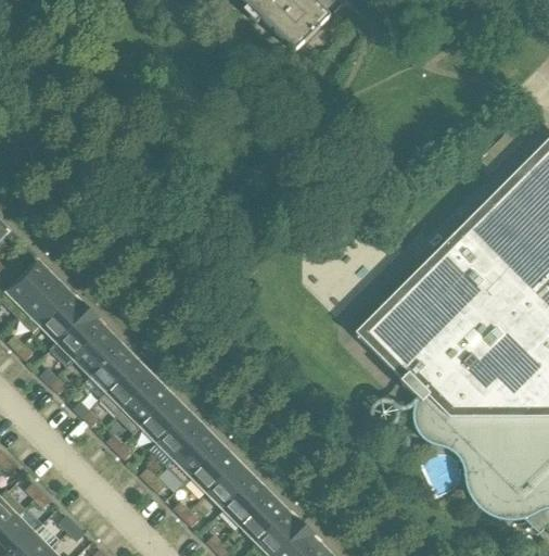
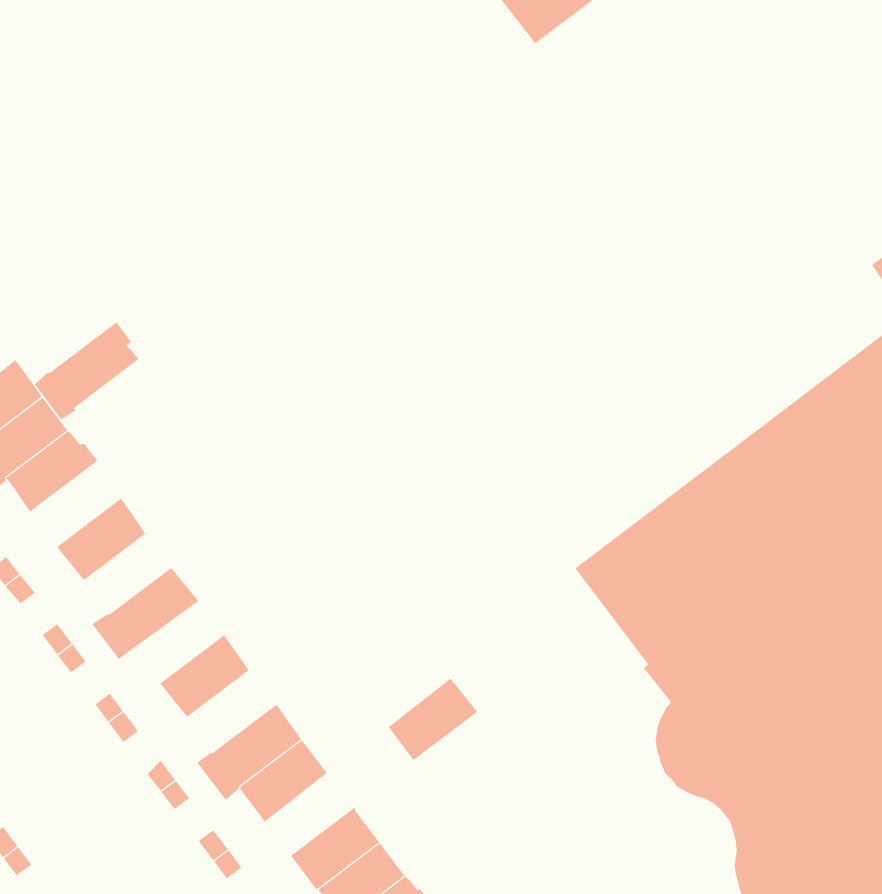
building: [50,308,105,366] -> [34,322,140,420]
building: [91,344,138,391] -> none
building: [116,377,171,432] -> none
building: [157,410,205,458] -> none
building: [207,460,255,508] -> [388,678,478,761]

